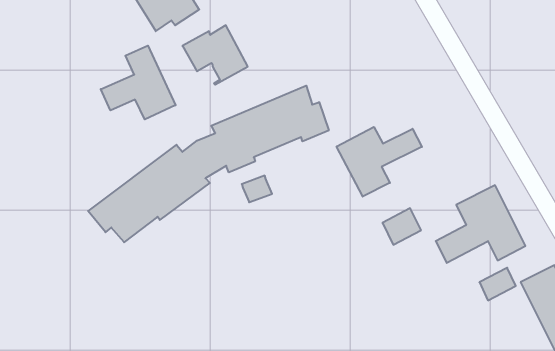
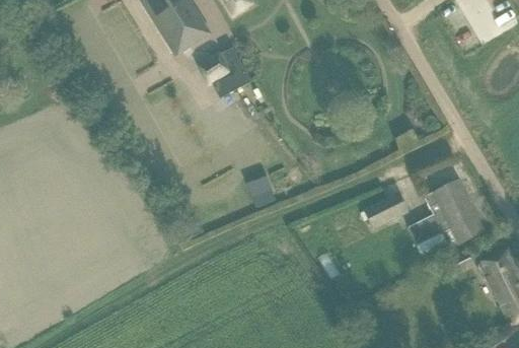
building: [101,46,176,119] -> none
building: [88,86,329,242] -> none
building: [337,127,422,197] -> none

